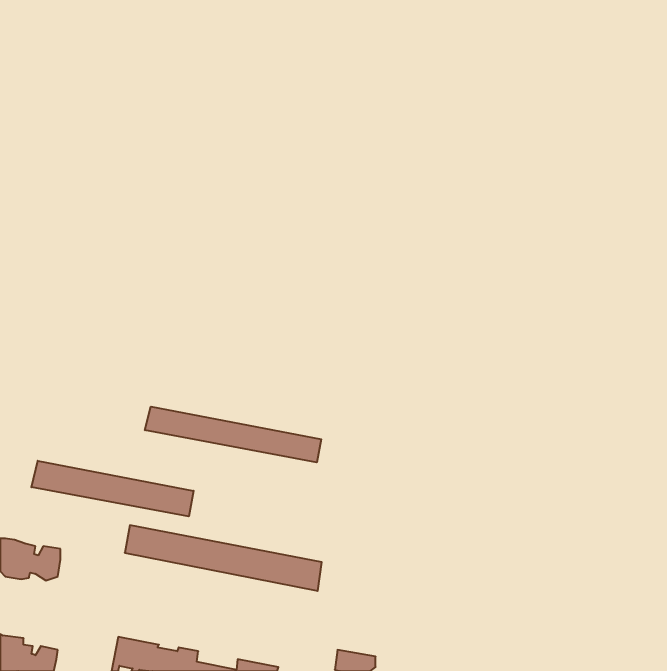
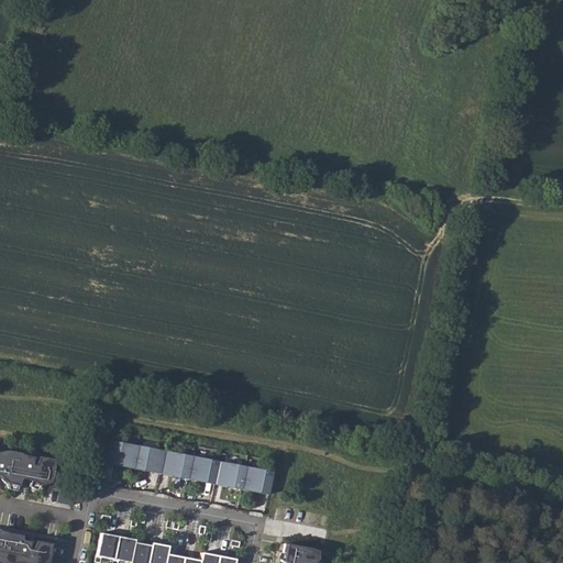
building: [145,407,321,462] -> none
building: [31,461,194,516] -> none

